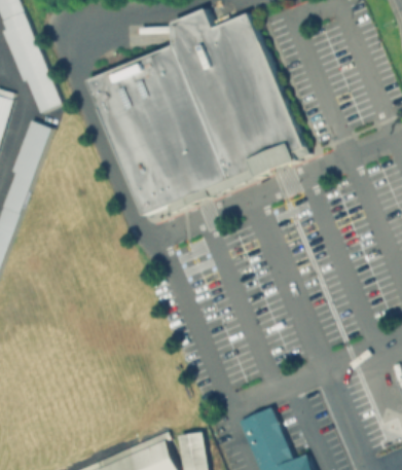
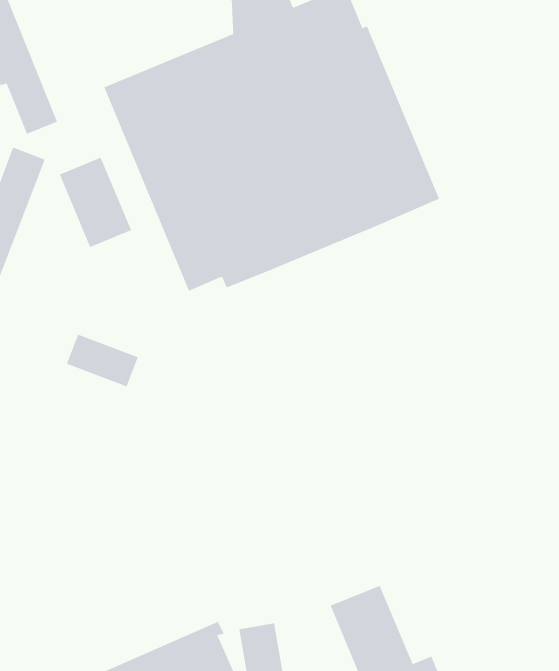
building: none -> [59,157,132,248]
building: none -> [66,334,139,387]

